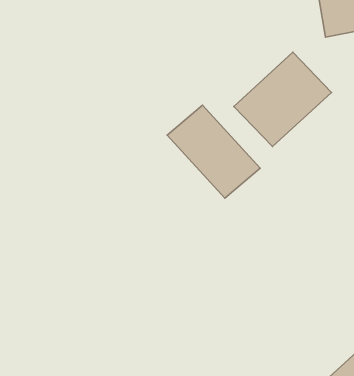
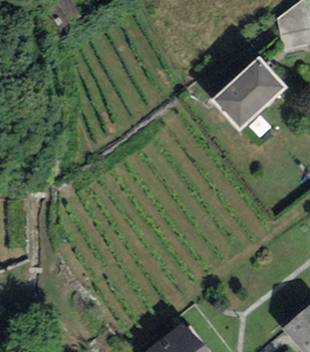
building: [167,105,260,198] -> none

